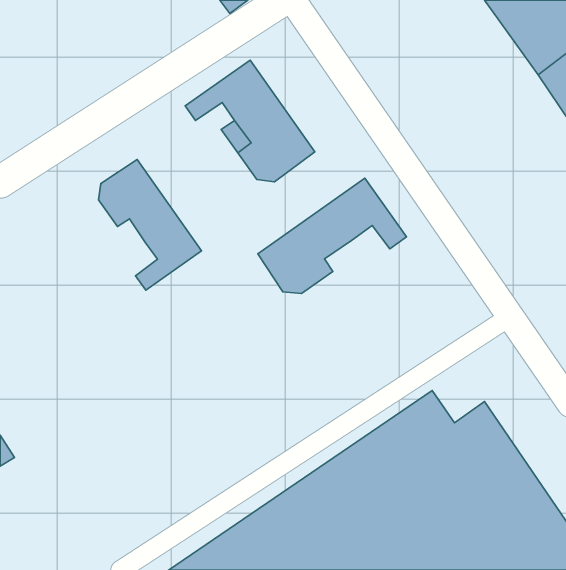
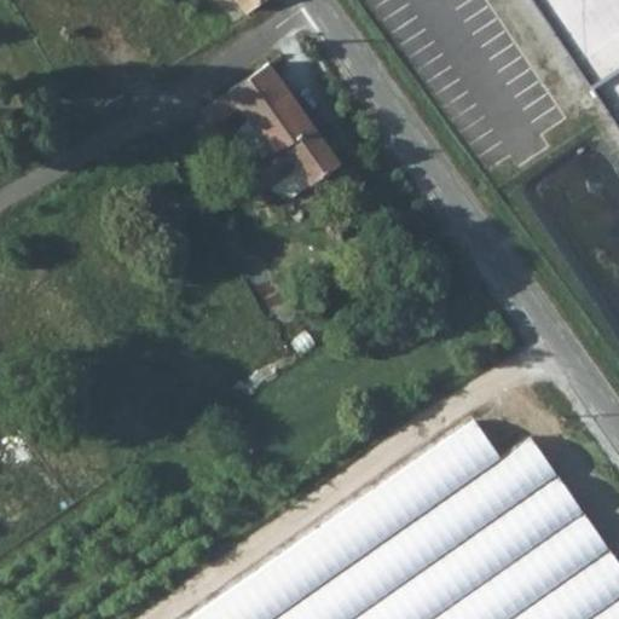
building: [98,160,202,290] -> none
building: [258,178,407,294] -> none

